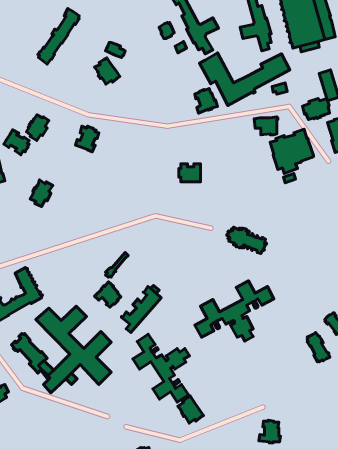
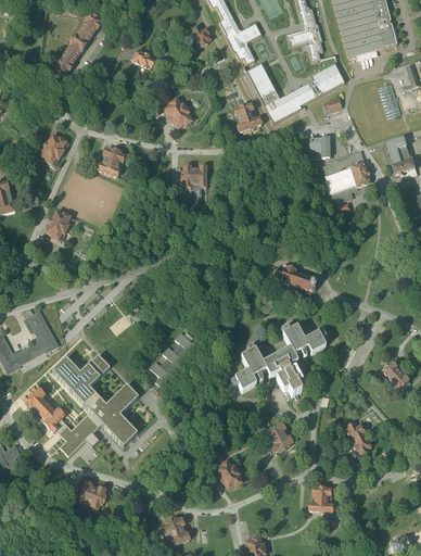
building: [95,58,120,84] -> [164,98,193,128]
building: [302,98,329,119] -> none
building: [4,130,29,155] -> none
building: [179,164,201,182] -> [181,166,206,187]
building: [95,282,121,307] -> none
building: [307,333,330,362] -> [346,420,372,454]
building: [133,334,190,402] -> none
building: none -> [264,421,292,452]
building: none -> [76,481,105,509]

